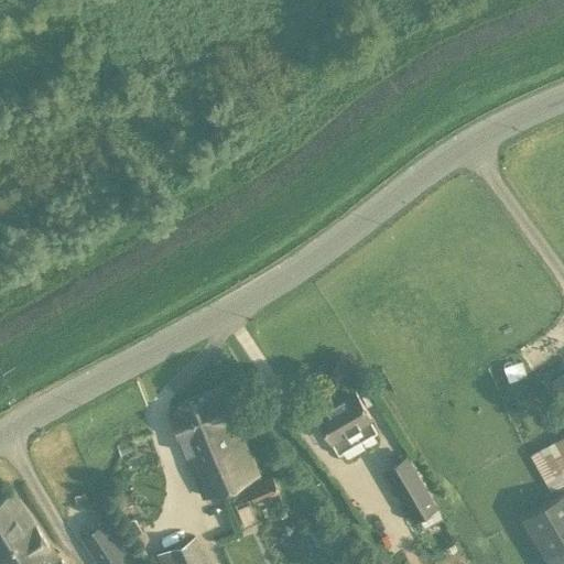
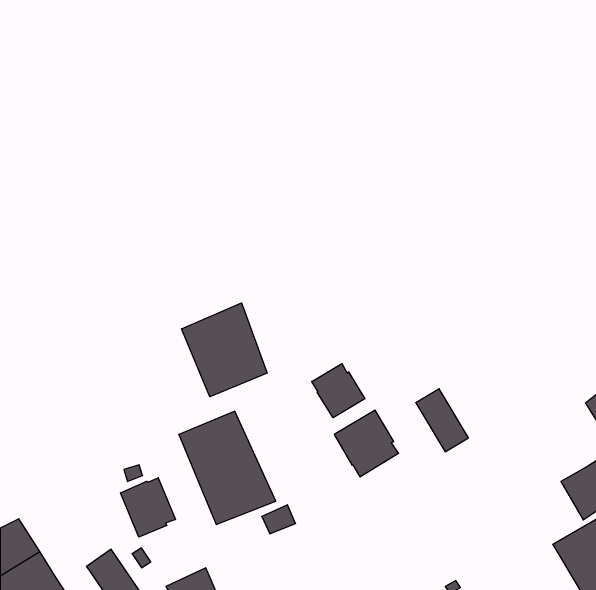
building: none -> [182,303,267,397]
building: none -> [312,364,365,418]
building: none -> [121,478,175,537]
building: [388,465,437,524] -> [416,389,468,452]

